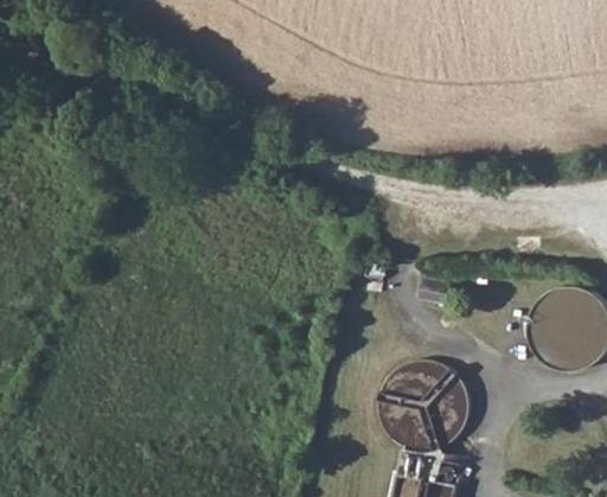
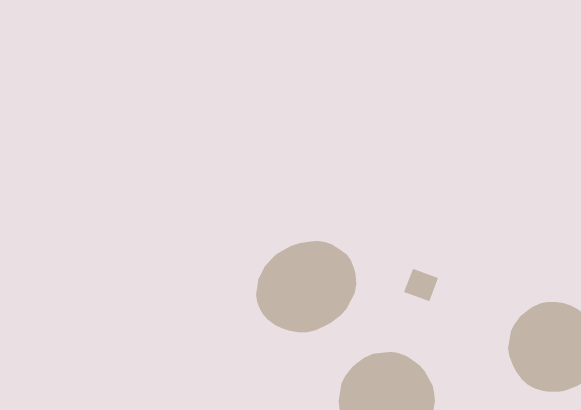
building: none -> [256,240,357,333]

